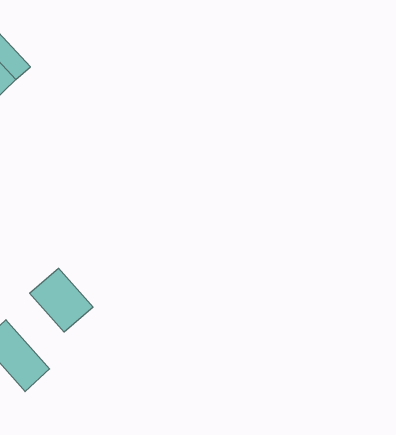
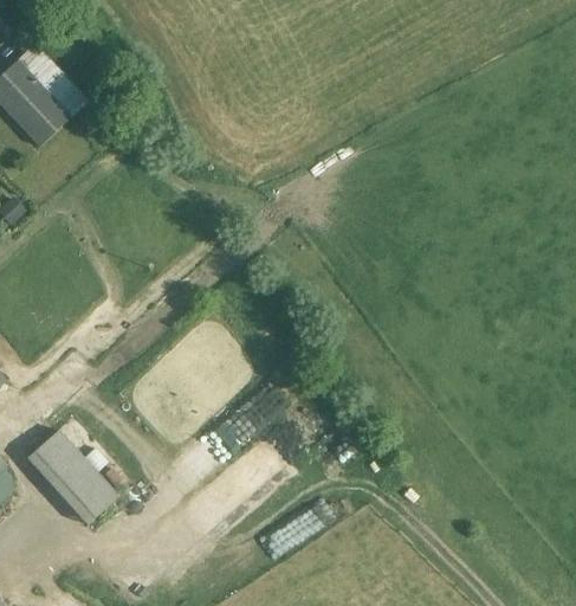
building: [30,268,93,332] -> none

